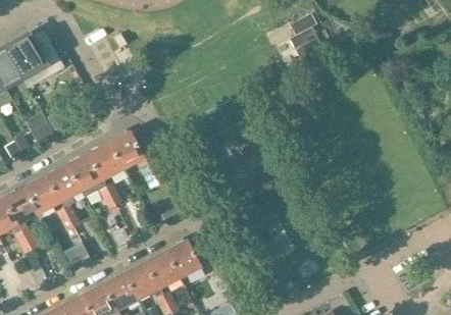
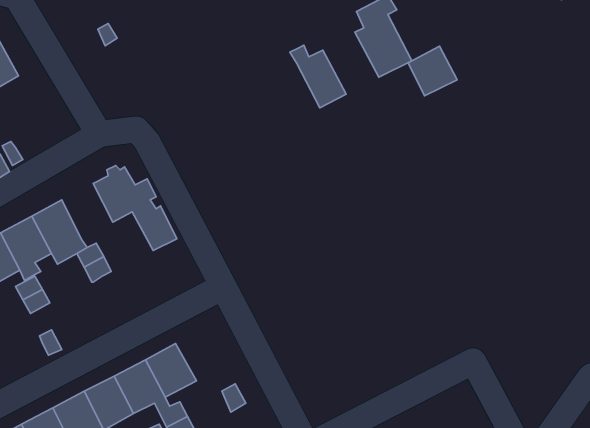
building: none -> [290,45,346,108]
building: none -> [408,46,457,96]
building: [89,142,123,179] -> none
building: [166,238,202,276] -> none

